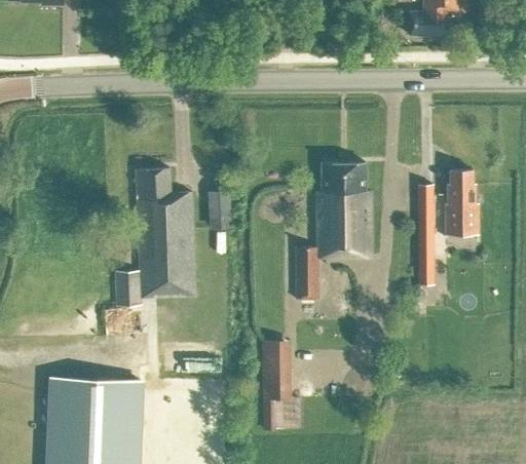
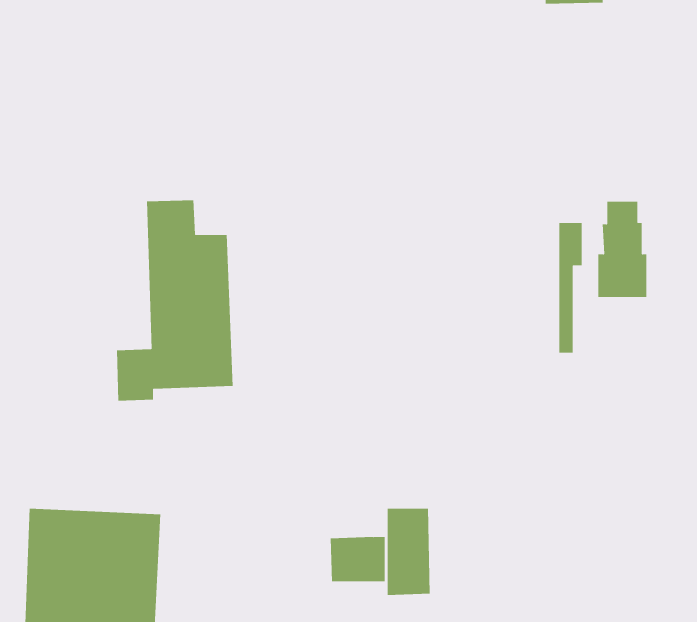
building: [296,162,372,299] -> none
building: [208,190,238,229] -> none
building: [262,340,292,399] -> [387,508,430,595]

